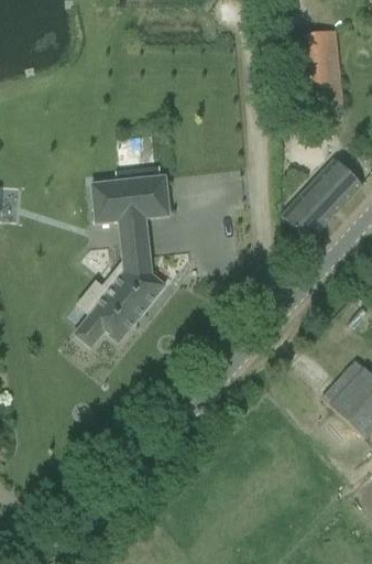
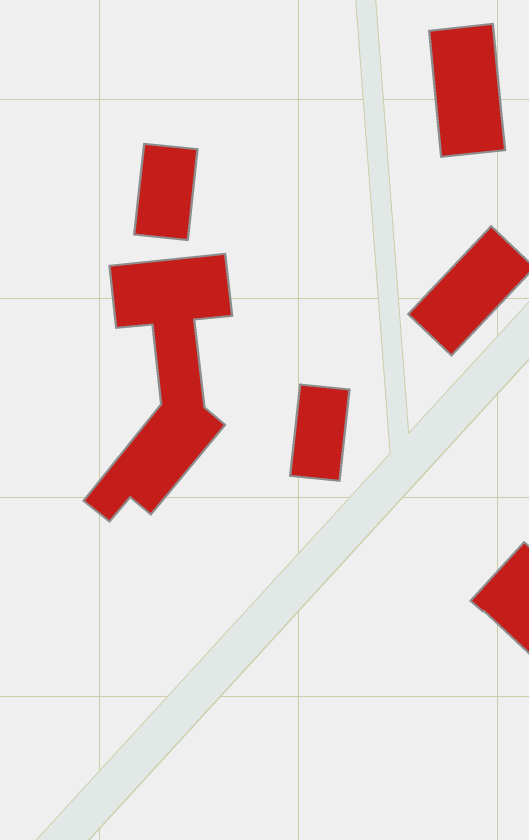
building: none -> [134,144,198,240]
building: none -> [290,385,350,481]

